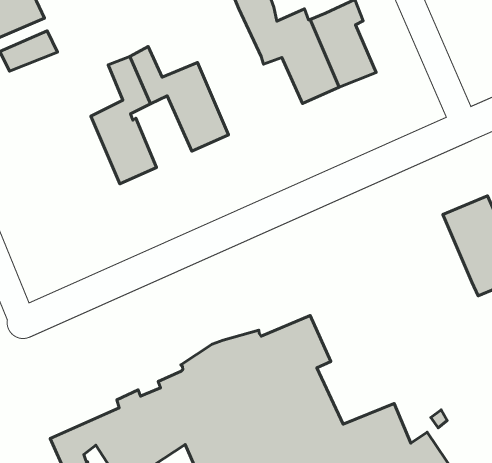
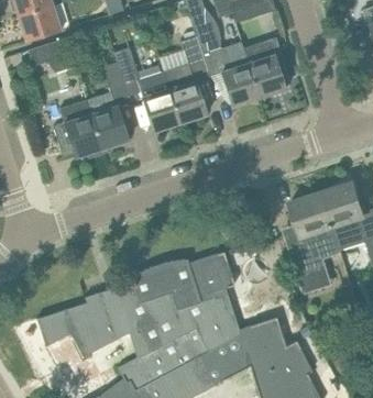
building: none -> [164,36,208,122]
building: none -> [54,100,102,157]
building: none -> [285,191,342,278]

